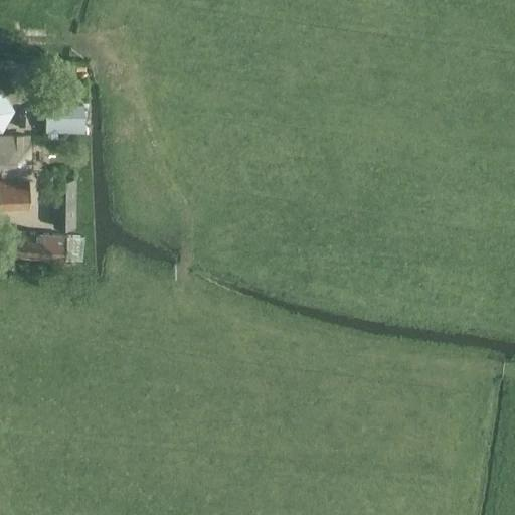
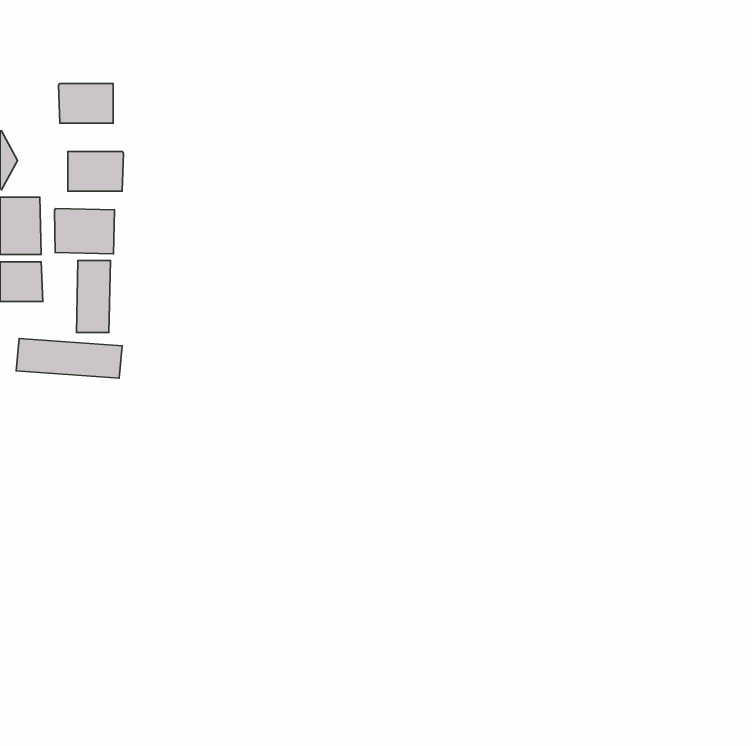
building: none -> [58,84,113,123]
building: none -> [54,208,114,254]

